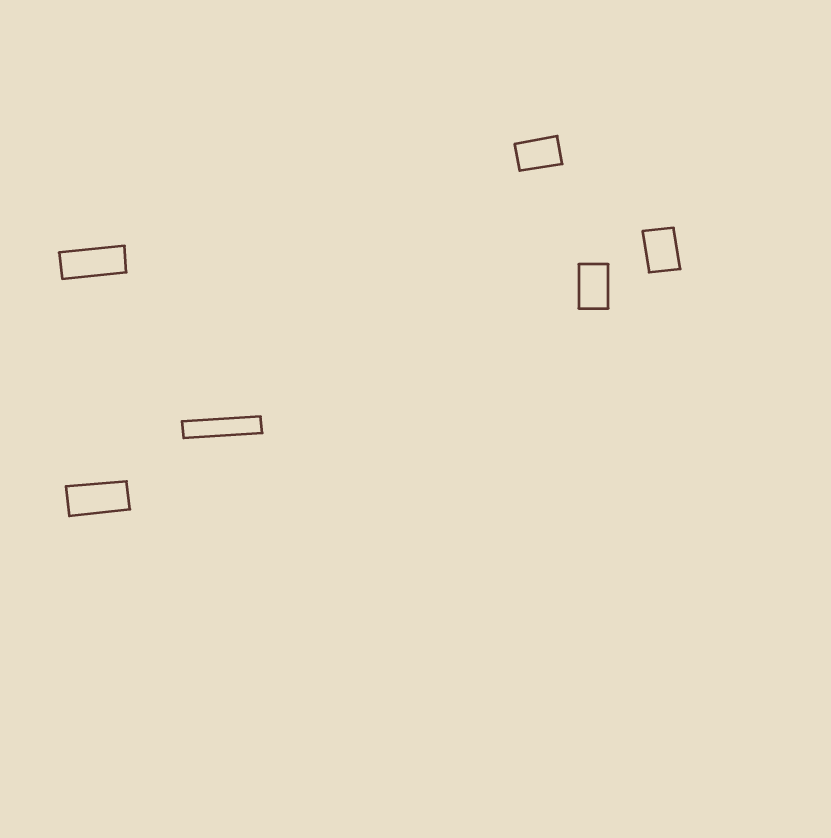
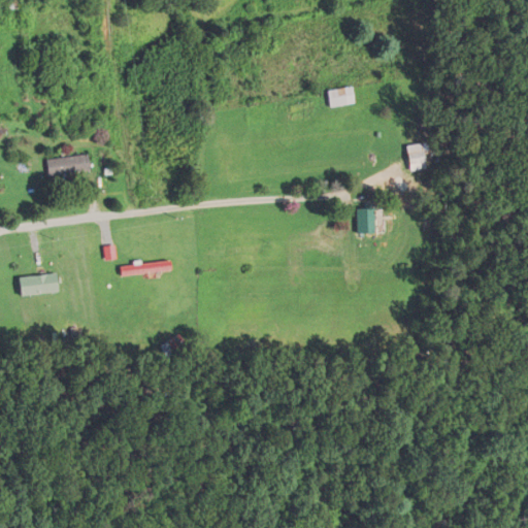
building: [579,264,608,308] -> [359,206,377,234]
building: [66,481,130,516] -> [20,274,60,296]

